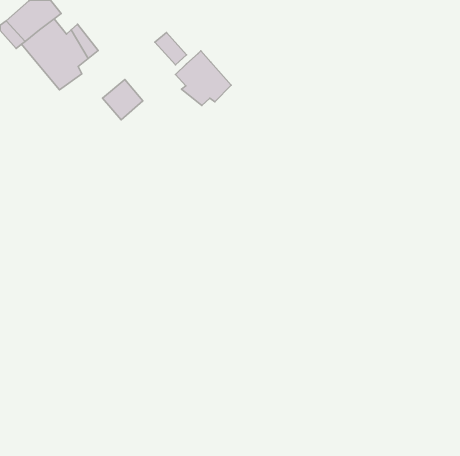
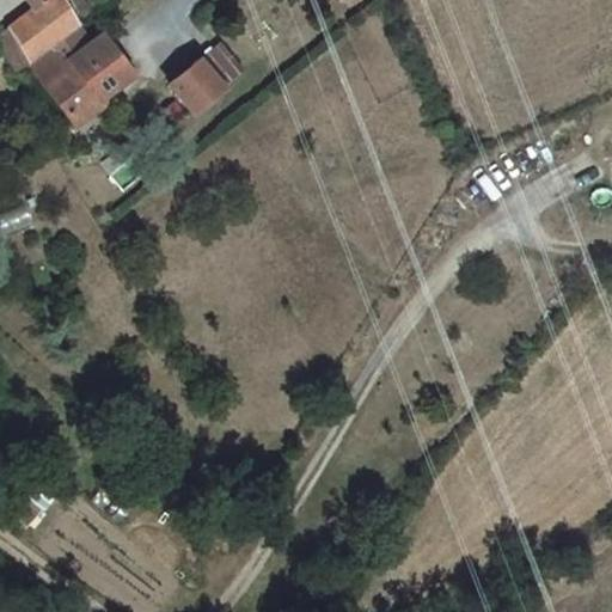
building: [176,51,231,105] -> none
building: [102,79,143,120] -> [166,56,220,110]

